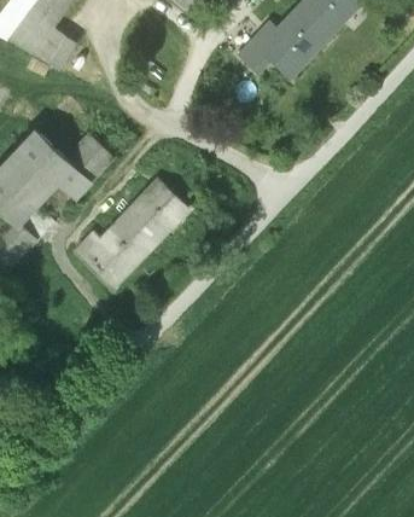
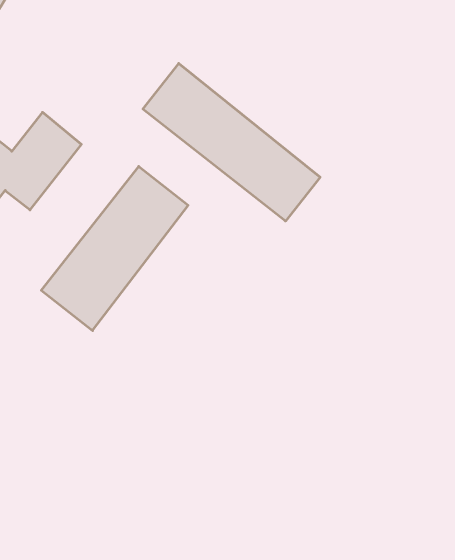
building: none -> [143,63,320,221]

